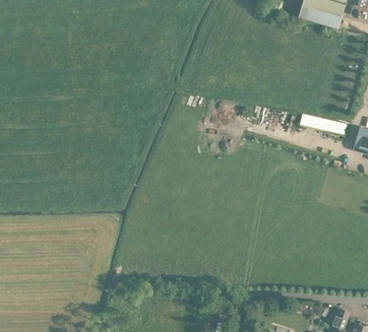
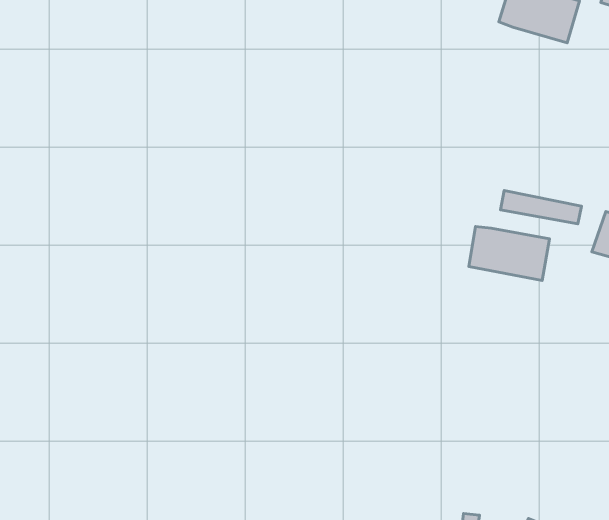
building: none -> [469,226,550,280]

